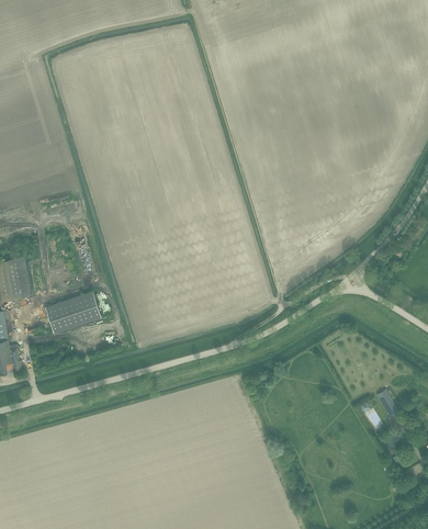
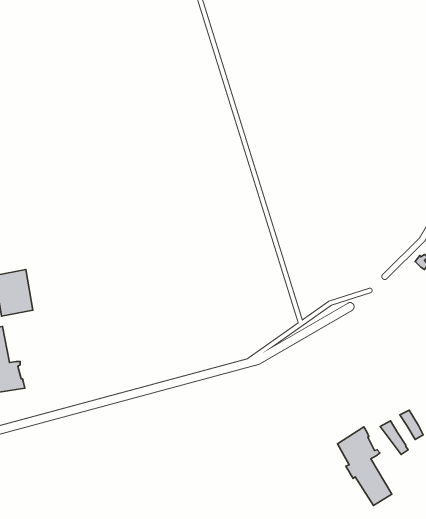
building: [46,292,102,335] -> none
building: none -> [337,427,392,506]

